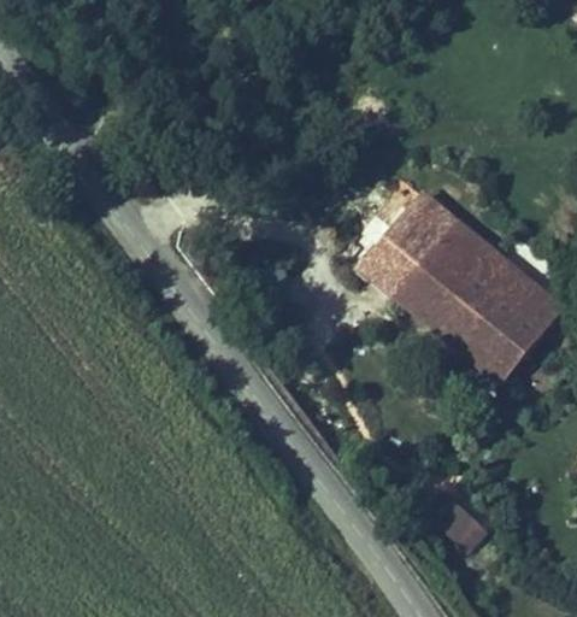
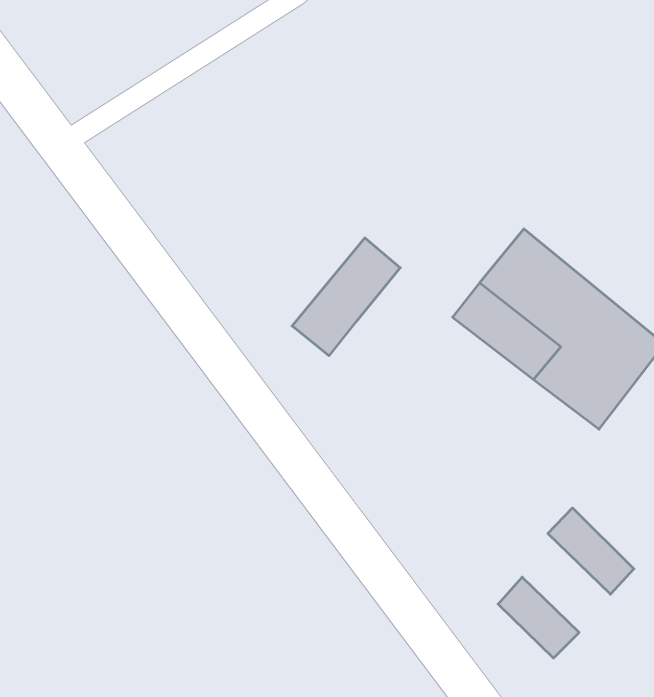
building: [355,186,447,286] -> [292,238,400,356]
building: none -> [548,508,634,594]

